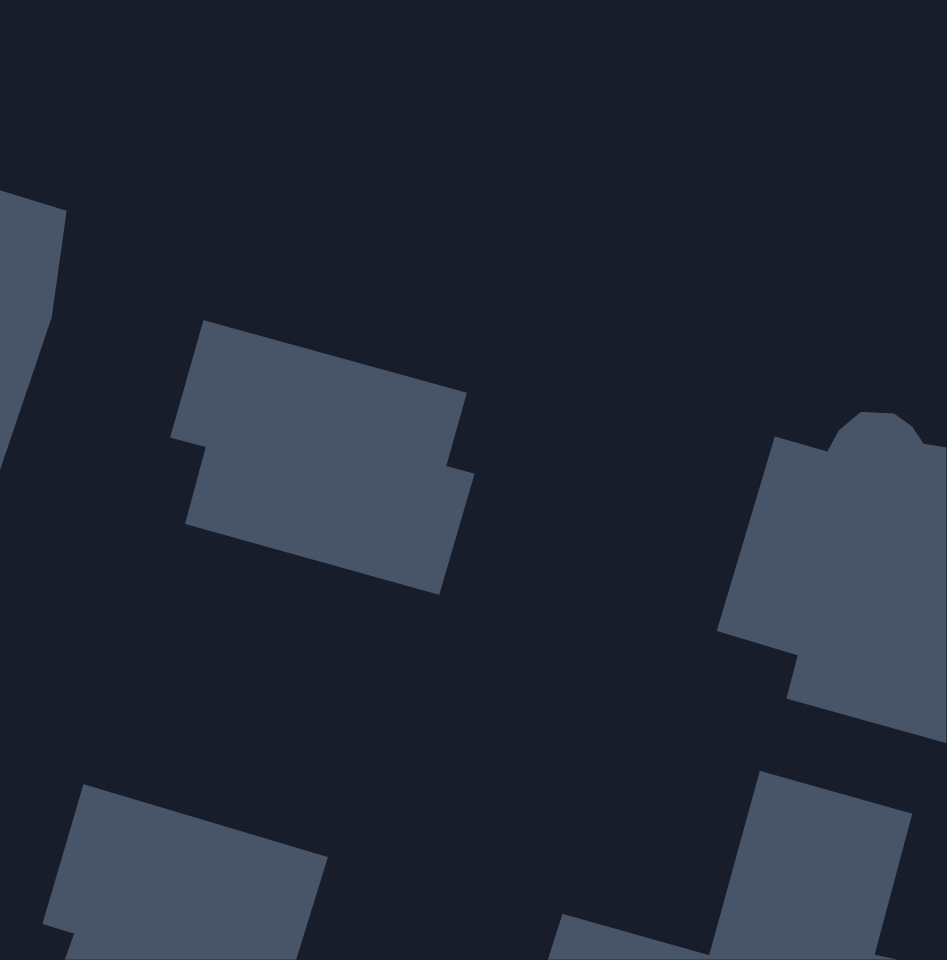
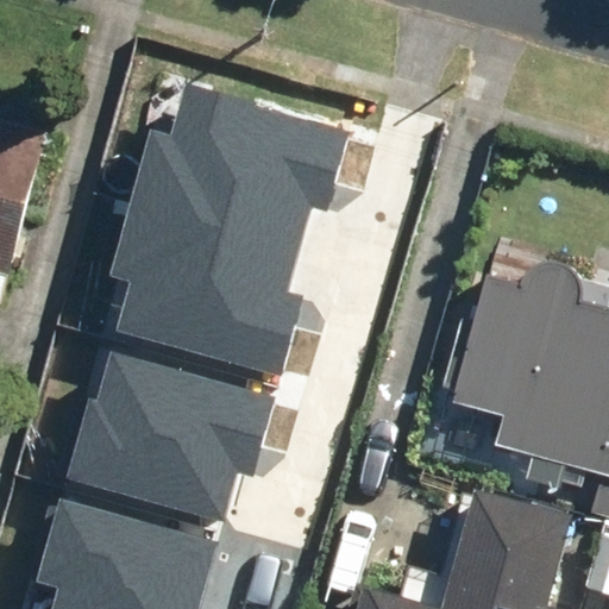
building: none -> [128,84,346,249]
building: none -> [48,352,274,529]

